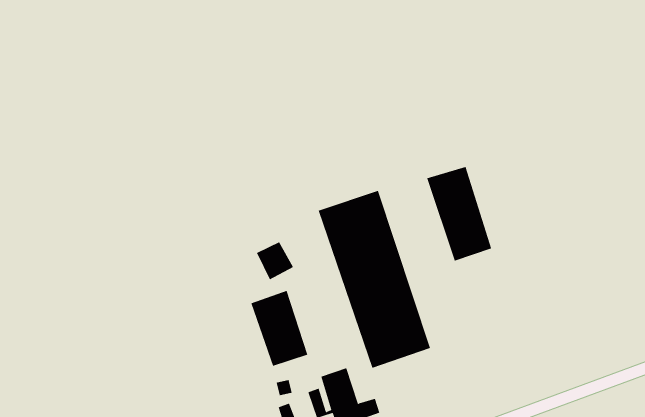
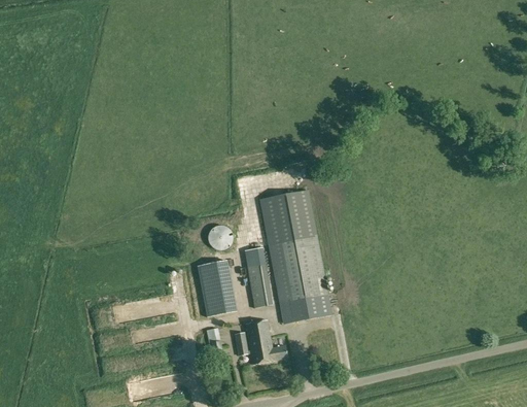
building: [426,166,492,261] -> none
building: none -> [243,248,271,309]

